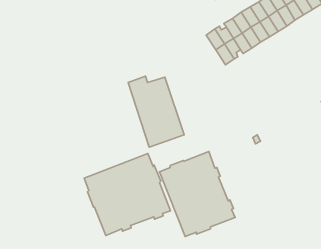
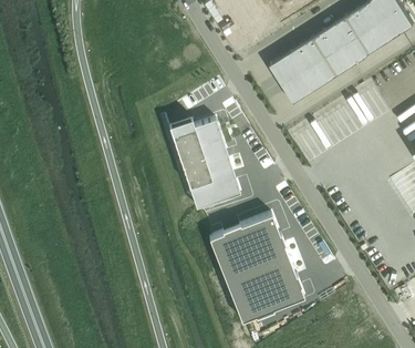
building: [84,153,171,236] -> none

